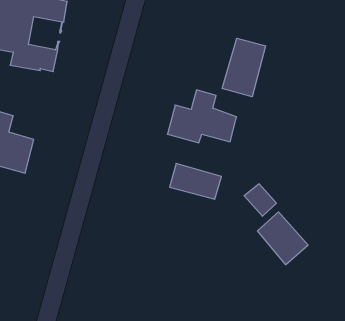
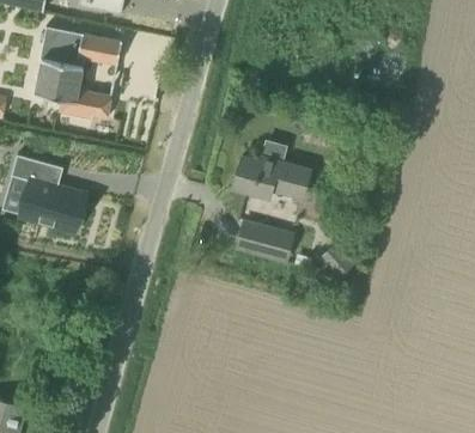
building: [222,38,265,97] -> none
building: [257,212,308,265] -> none

